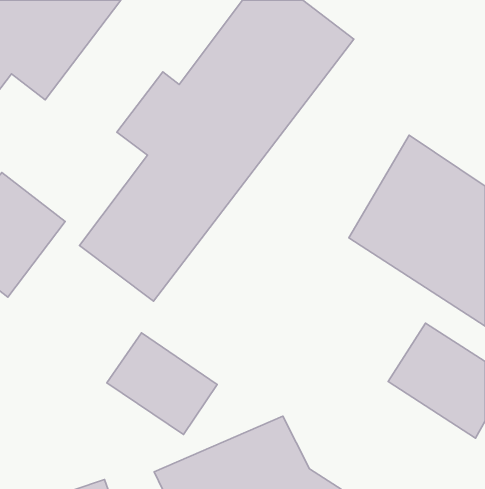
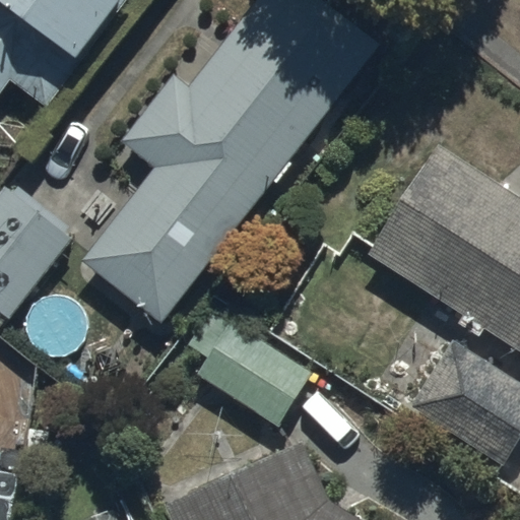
building: [107,333,217,434] -> [196,320,313,428]

